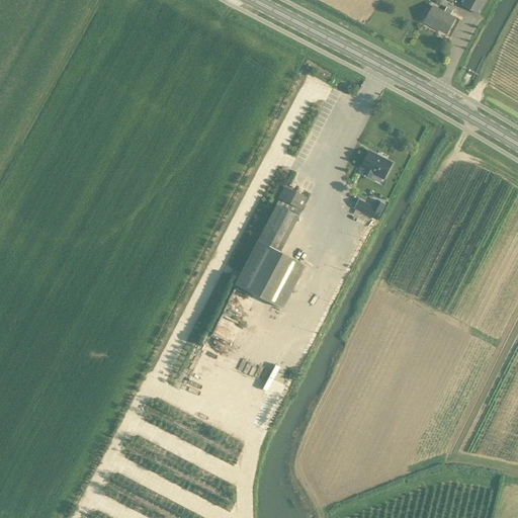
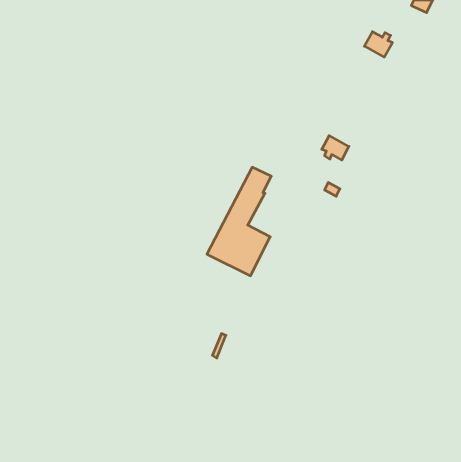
building: [423,6,454,34] -> [364,32,392,57]

